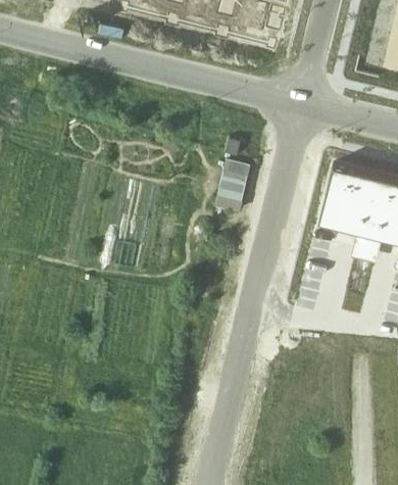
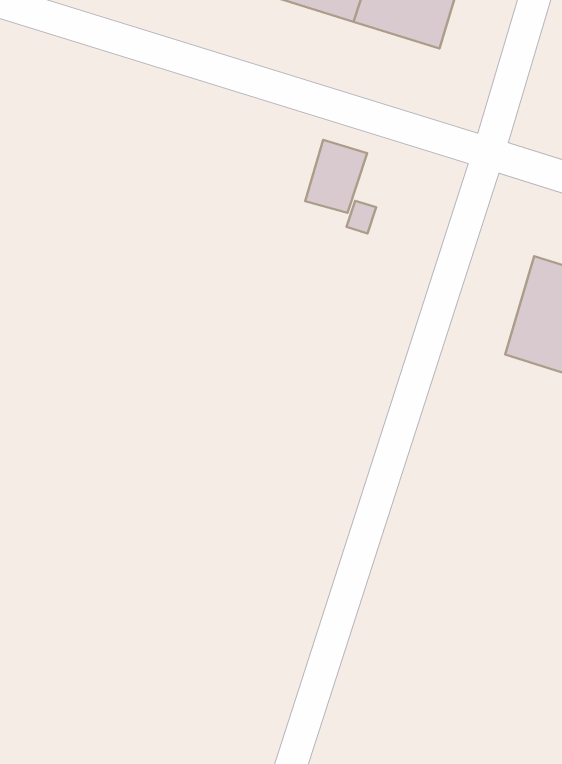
building: [214,165,248,206] -> [305,140,367,213]

